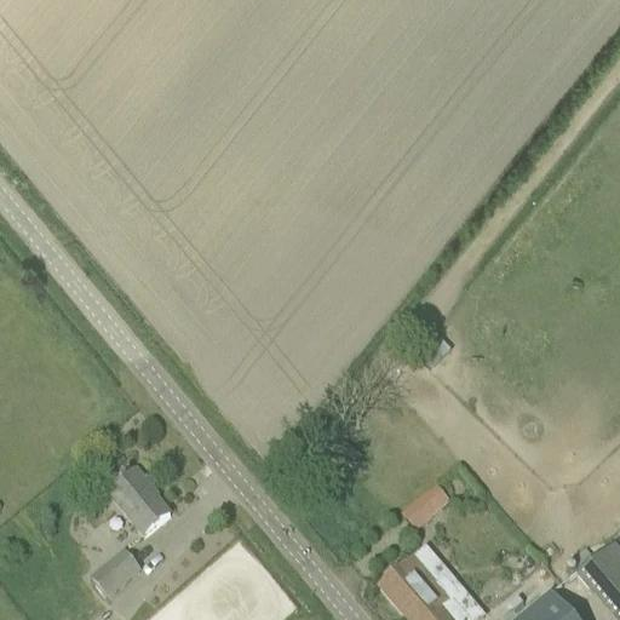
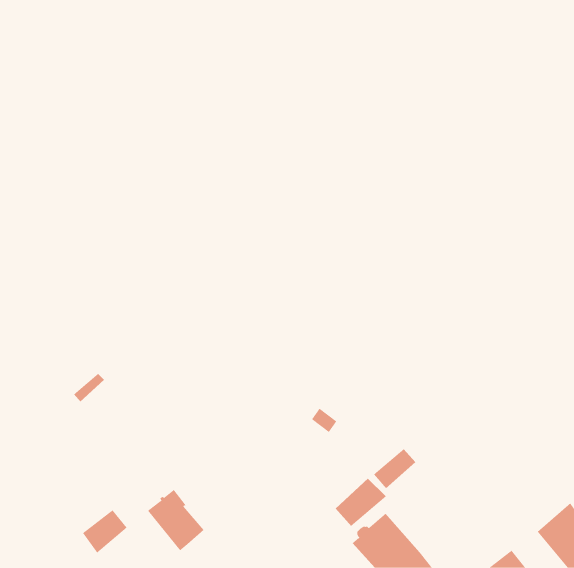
building: [109,467,171,534] -> [147,489,205,551]
building: none -> [335,478,387,527]

